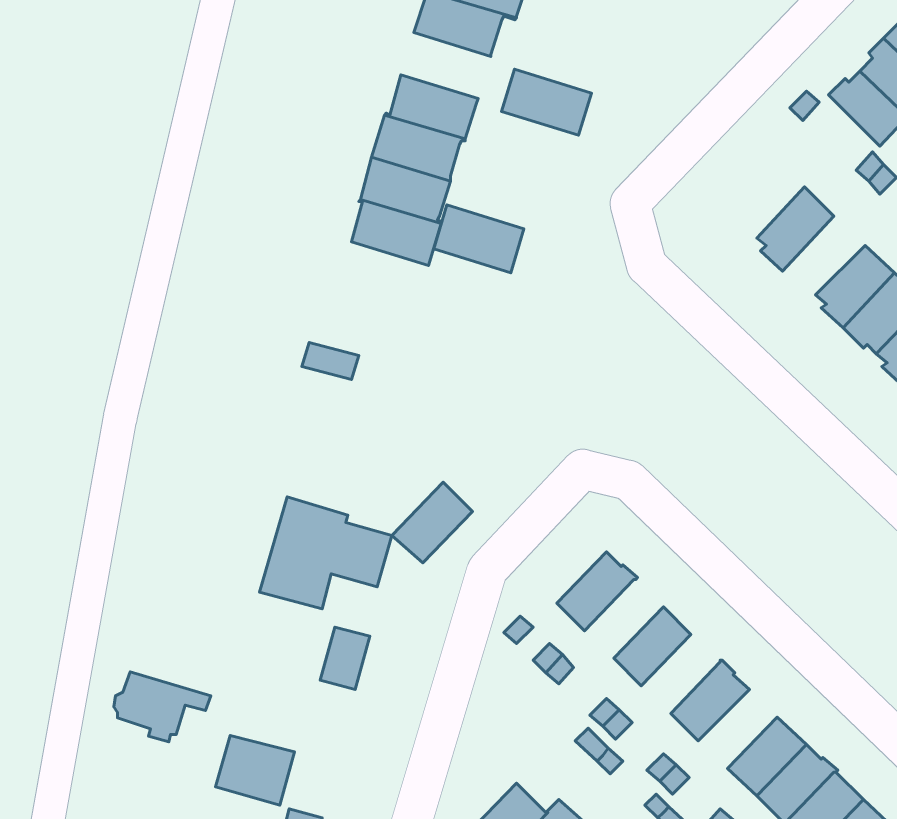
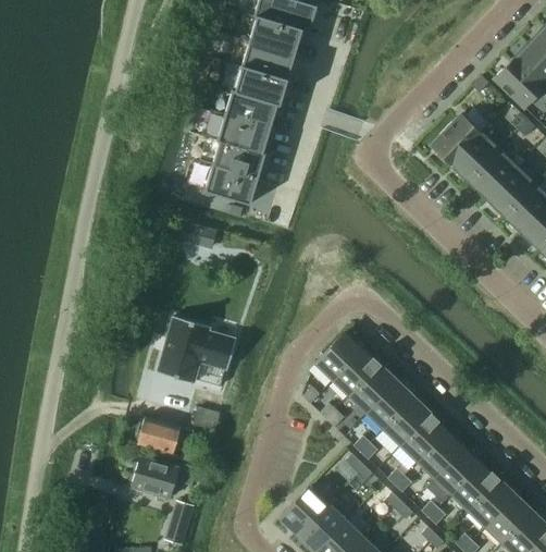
building: [502,69,591,135] -> [241,41,295,81]
building: none -> [431,115,481,165]
building: [434,205,524,273] -> [204,165,258,206]
building: none -> [468,150,517,197]
building: [392,482,473,563] -> [315,332,363,380]
building: none -> [350,366,397,413]
building: none -> [384,398,431,445]
building: [114,672,211,742] -> [136,418,194,459]
building: none -> [418,431,464,478]

